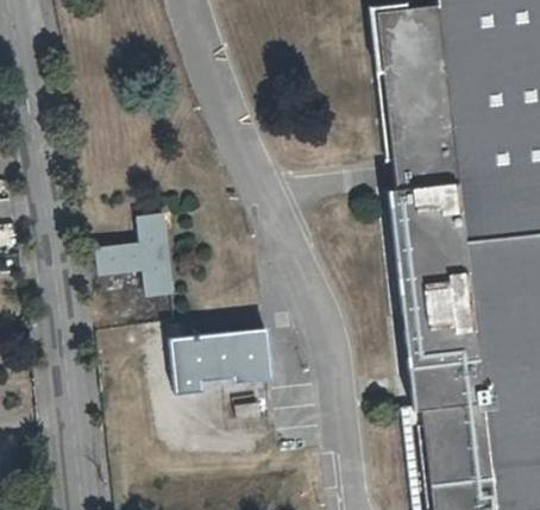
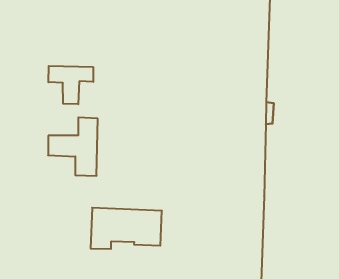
building: none -> [48,66,93,104]

